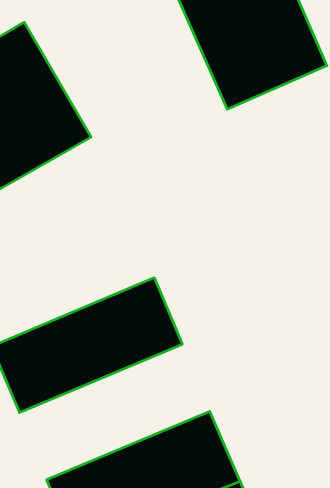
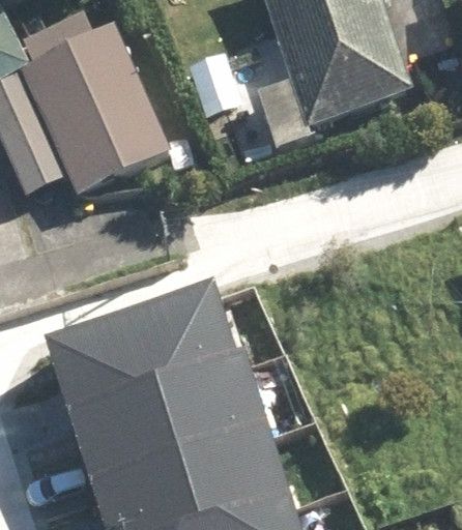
building: none -> [69,364,262,488]

